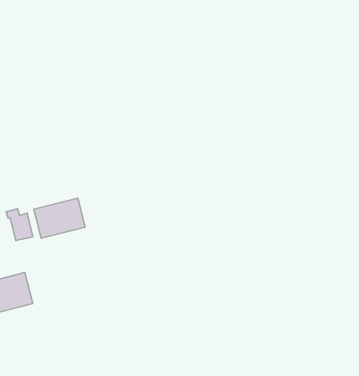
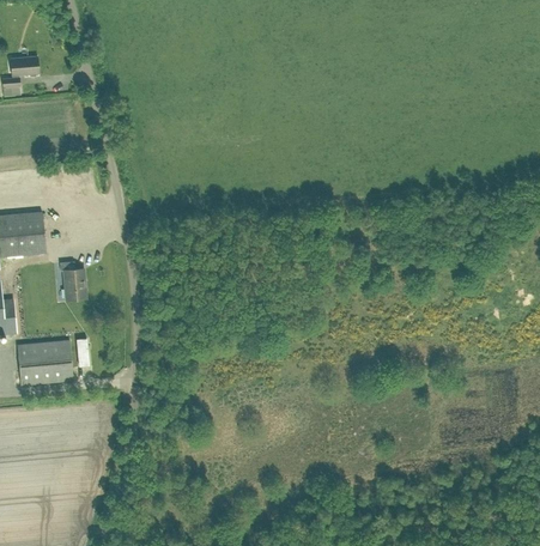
building: [34,198,85,238] -> none

